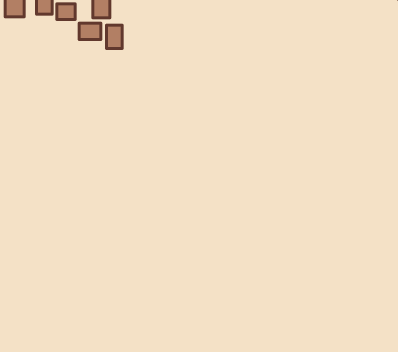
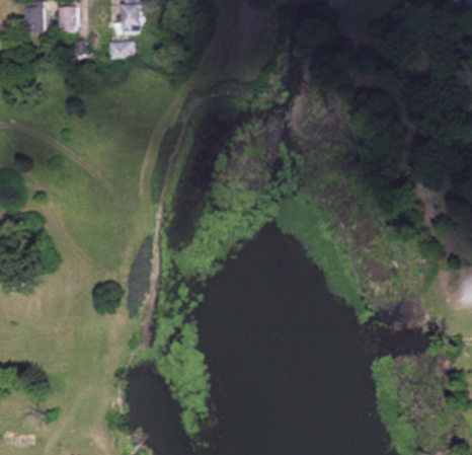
building: [57,4,75,20] -> none
building: [107,25,122,49] -> none

